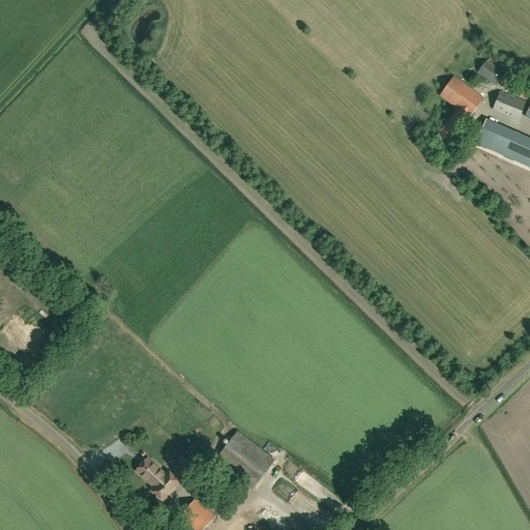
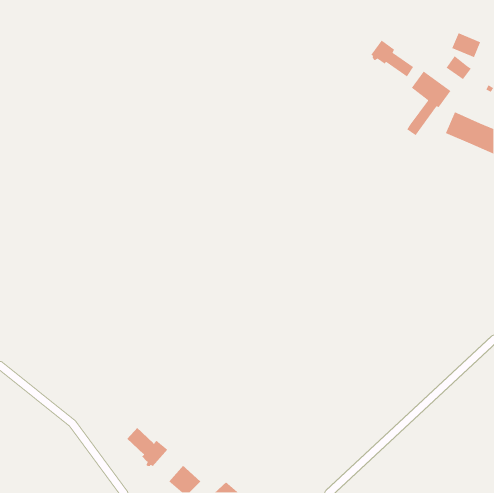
building: none -> [371,39,414,77]
building: [493,91,525,119] -> [451,32,481,58]
building: [215,431,274,488] -> none

